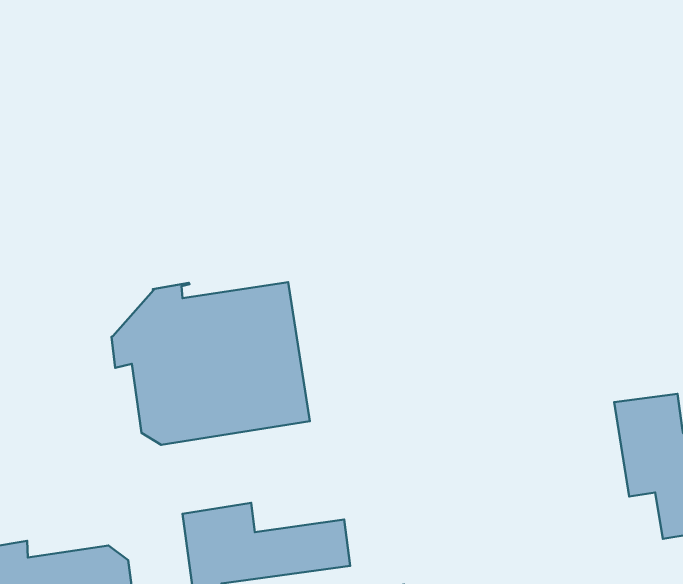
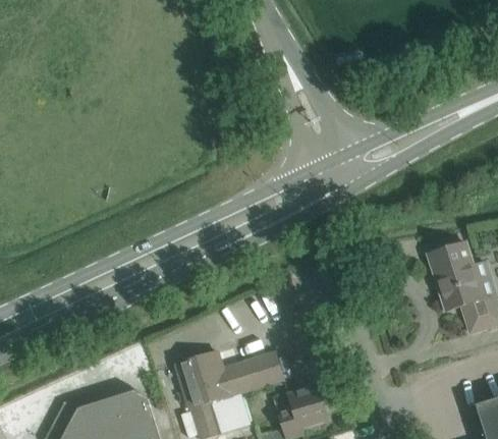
building: [111,282,310,445] -> none

